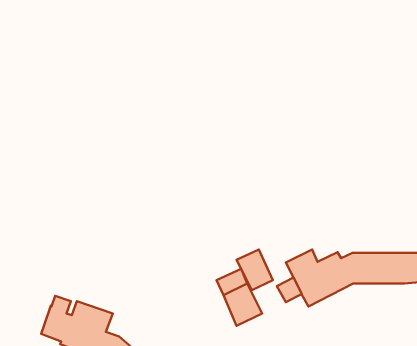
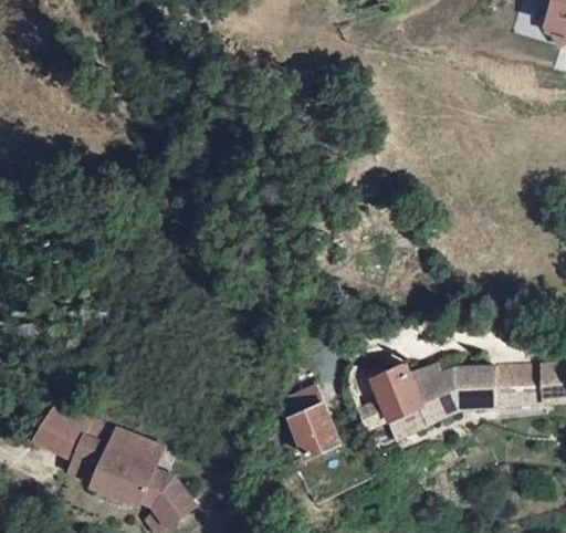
building: [236,249,273,290] -> none
building: none -> [27,407,82,456]

